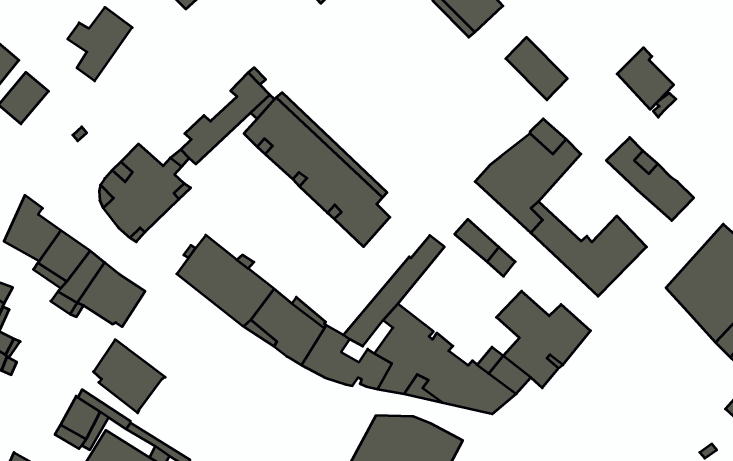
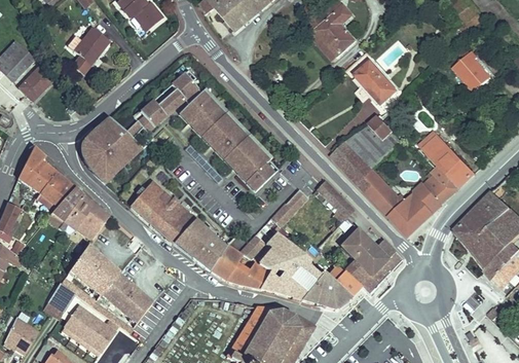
building: [617,48,674,109] -> [453,50,490,92]
building: none -> [423,167,459,205]
building: none -> [101,275,152,322]

